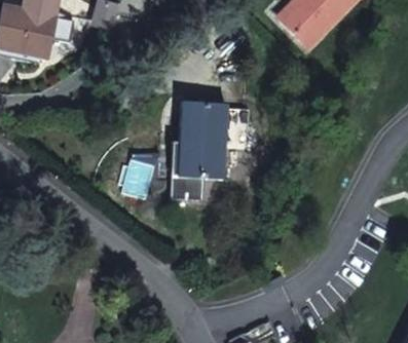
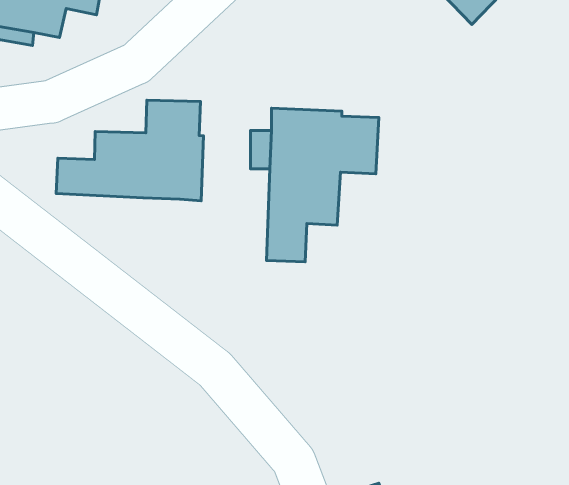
building: none -> [56,100,204,201]

